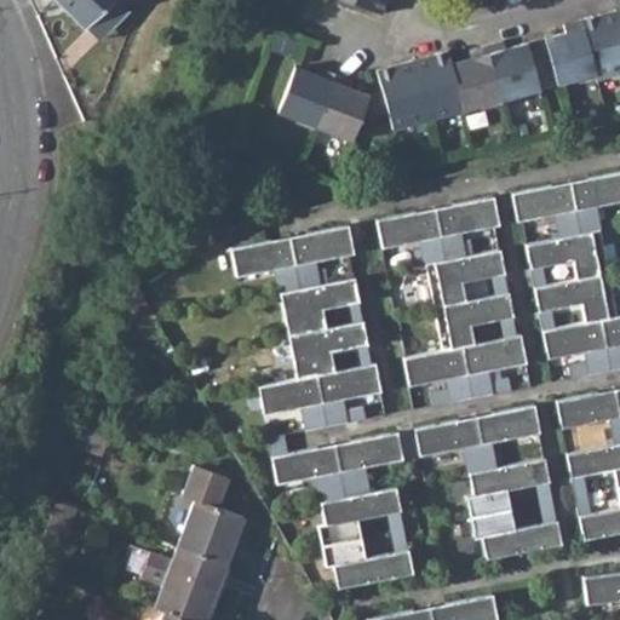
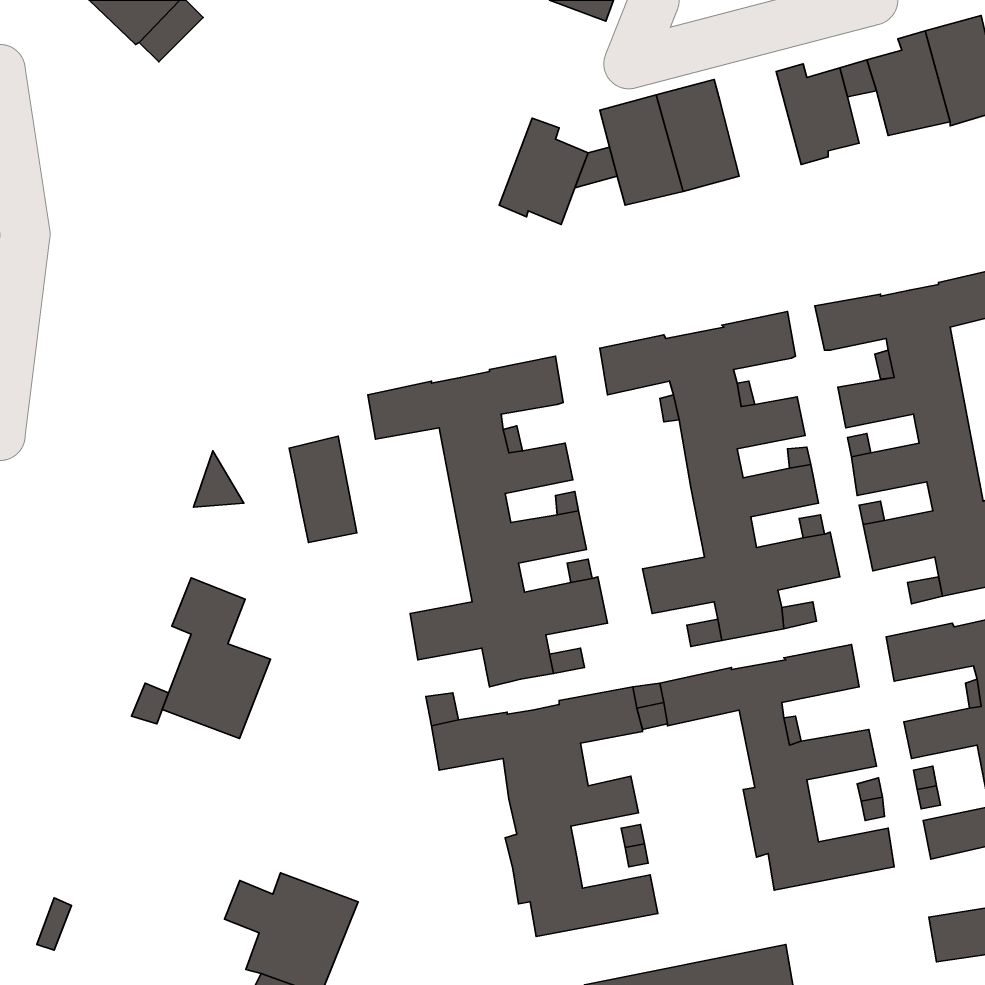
building: [453,47,504,113] -> none
building: [279,69,335,131] -> none
building: none -> [289,436,357,542]
building: [178,466,246,567] -> [162,578,270,739]

